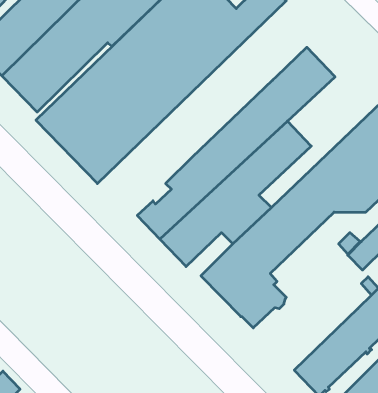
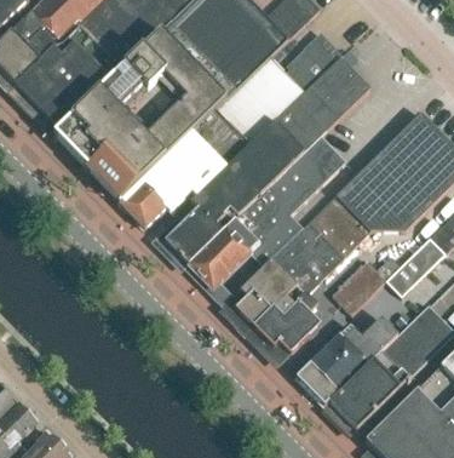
building: none -> [288,35,343,88]
building: none -> [122,58,306,229]
building: none -> [332,262,386,315]
building: none -> [295,317,397,407]

